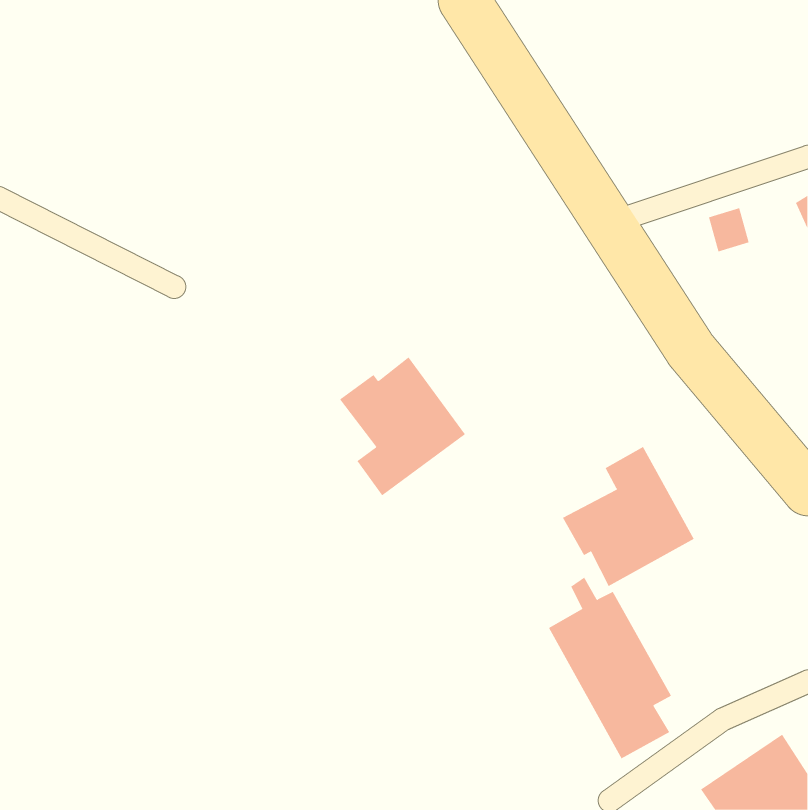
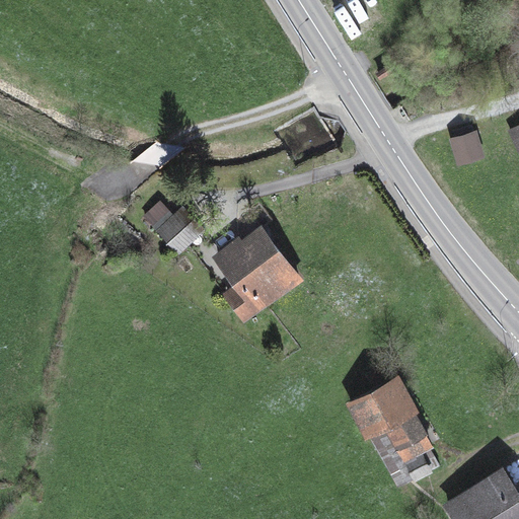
building: none -> [144,203,202,250]
building: [562,446,694,587] -> none

